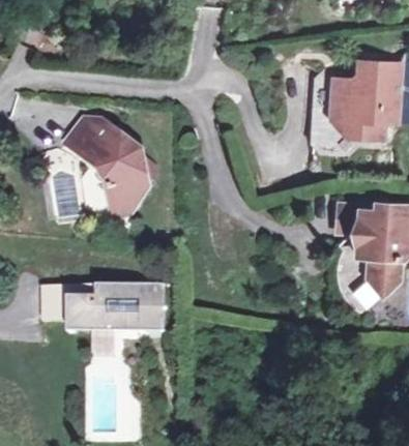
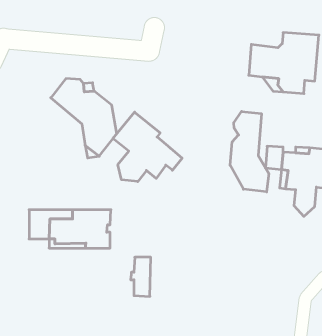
building: none -> [230,111,269,192]
building: none -> [113,112,182,182]
building: [139,281,164,330] -> [131,257,151,296]

